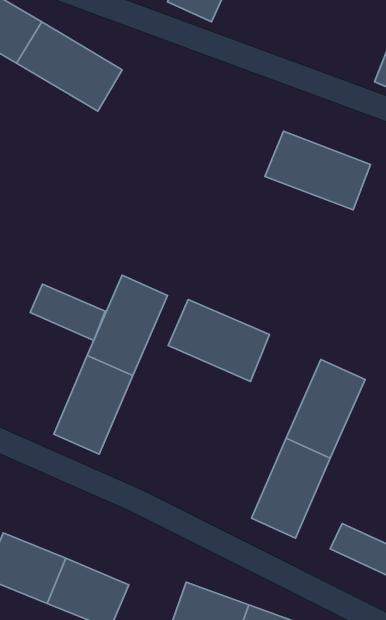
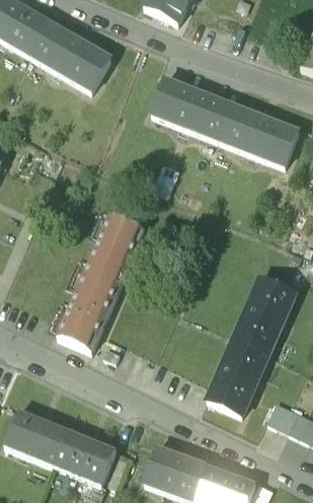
building: none -> [152,78,232,139]
building: [30,284,105,341] -> none
building: [168,299,269,381] -> none

